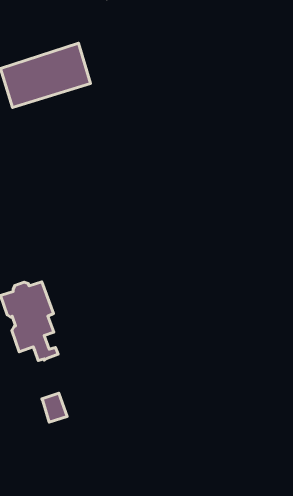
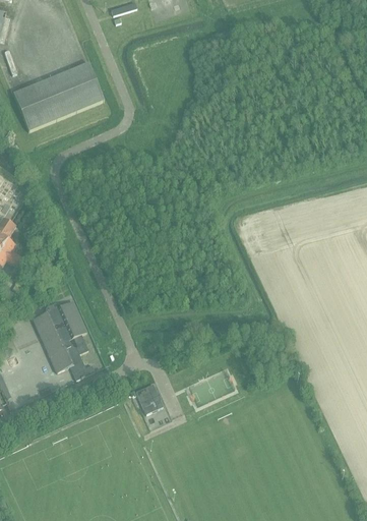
building: [42,393,67,422] -> [136,384,163,413]

